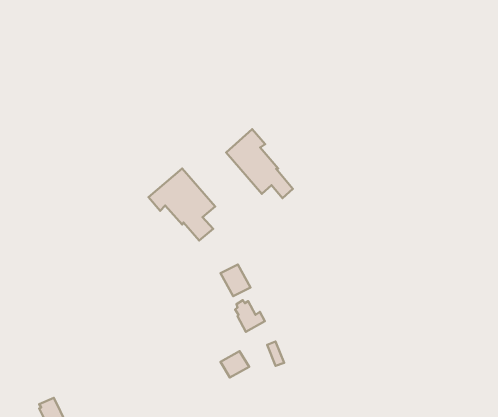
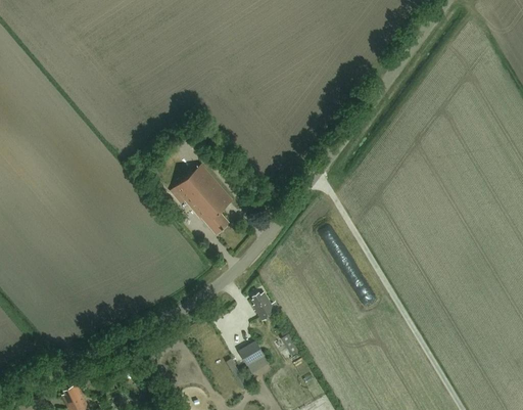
building: [226,129,293,198] -> none
building: [221,265,251,296] -> none

